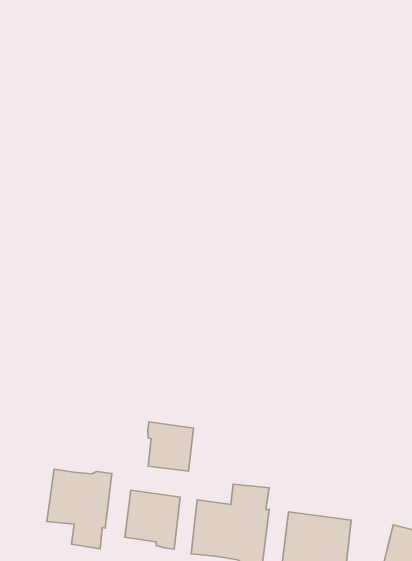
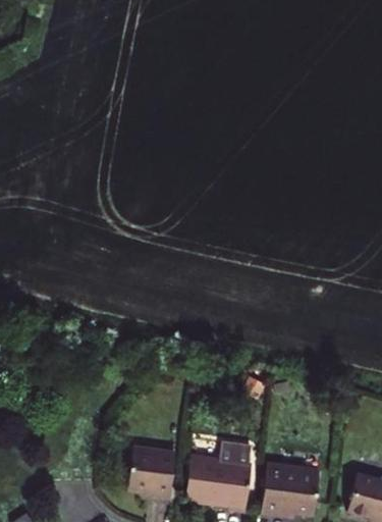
building: [148,422,193,471] -> none
building: [47,469,112,549] -> none

